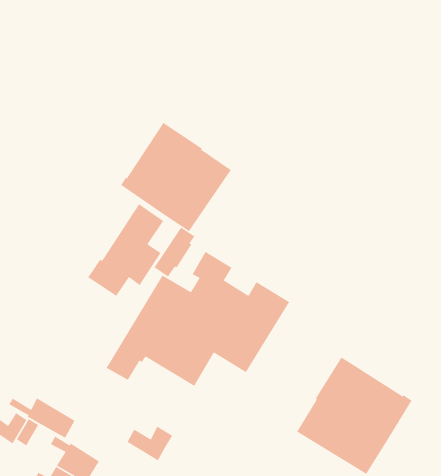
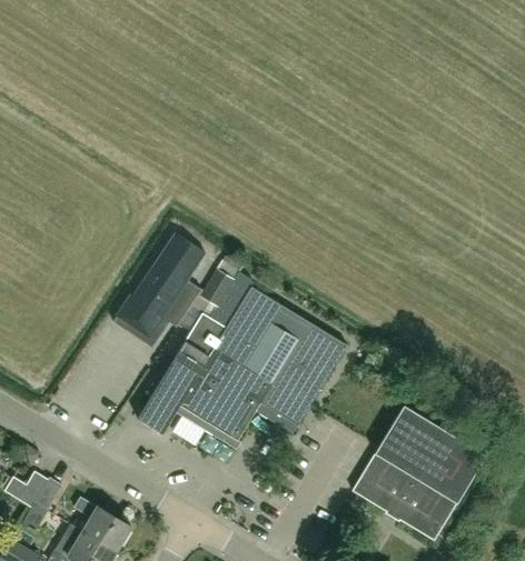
building: [120,122,232,232] -> none
building: [8,397,76,439] -> none
building: [127,426,173,461] -> none

